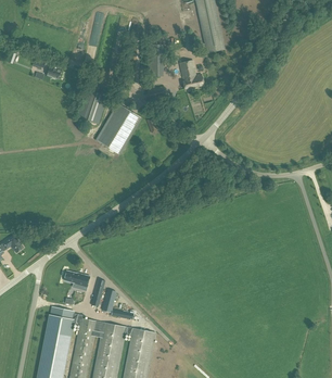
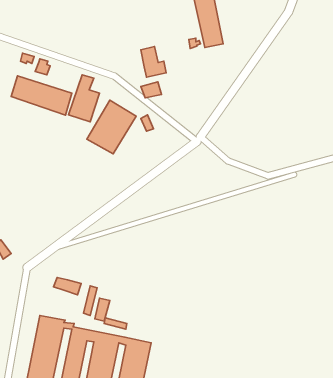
building: [179,60,203,89] -> [141,46,166,77]
building: none -> [11,76,72,115]

